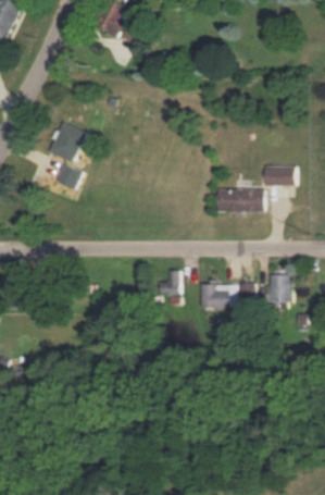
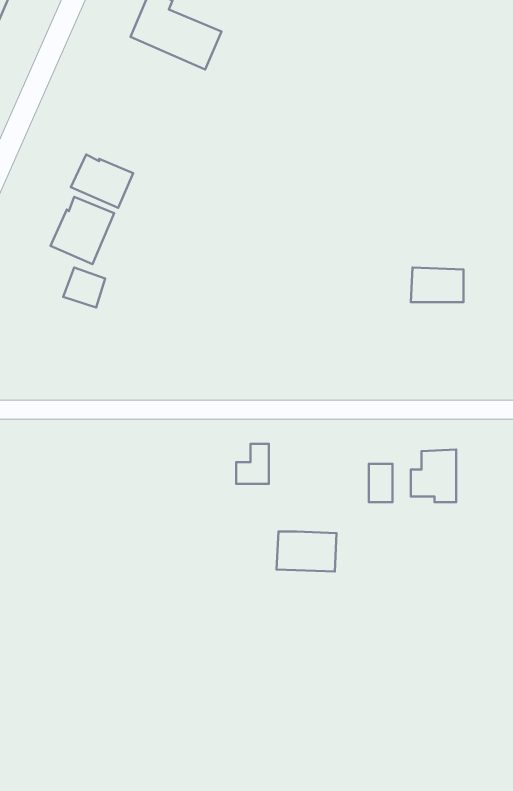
building: none -> [71,155,133,208]
building: [216,188,263,211] -> none
building: [199,283,235,307] -> [277,531,337,571]

